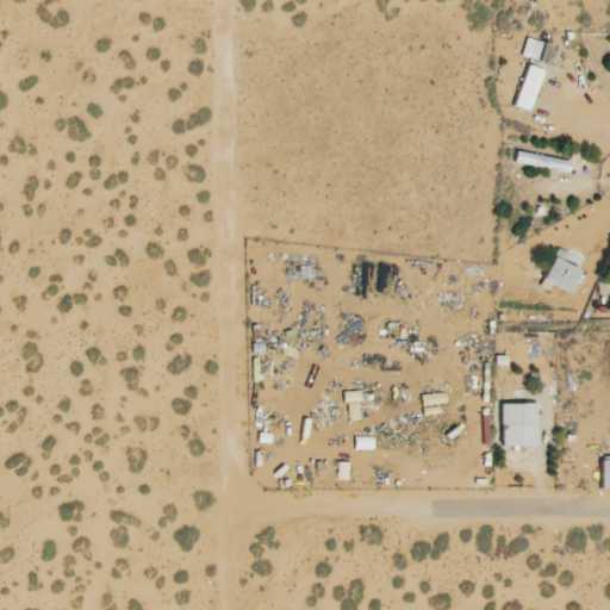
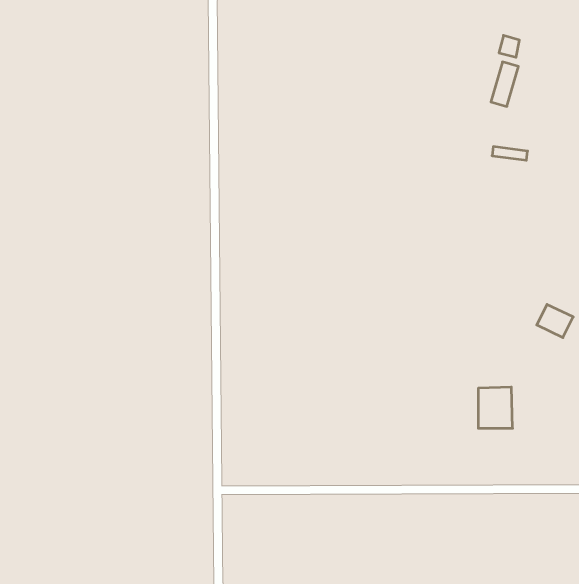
building: [544,257,583,292] -> [537,304,573,338]

